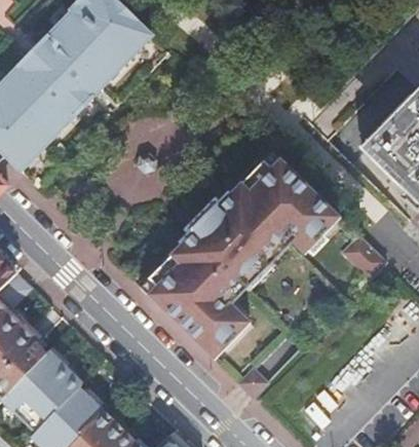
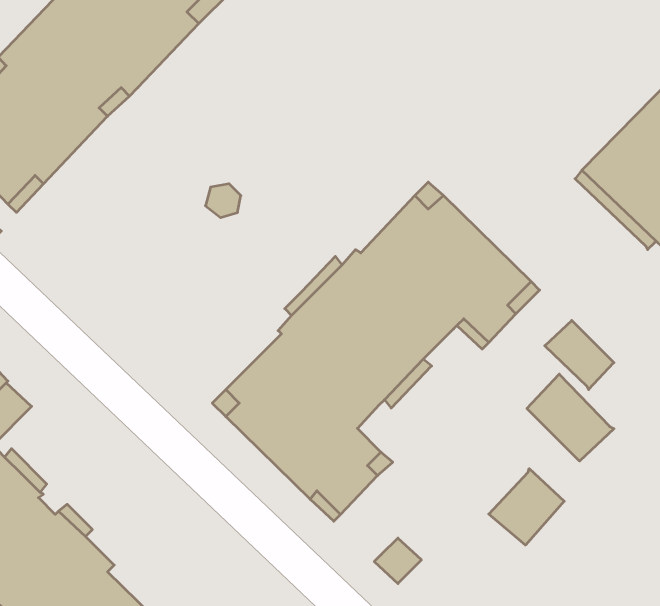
building: none -> [527,374,614,461]
building: none -> [489,469,564,545]

